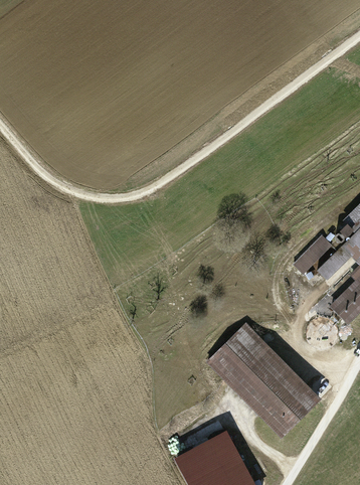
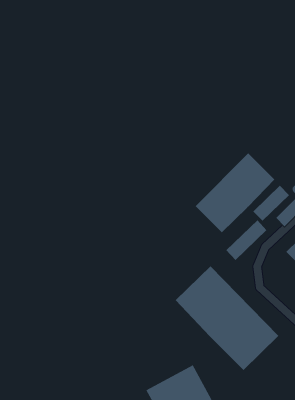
building: none -> [195,153,275,233]
building: none -> [225,219,267,261]

